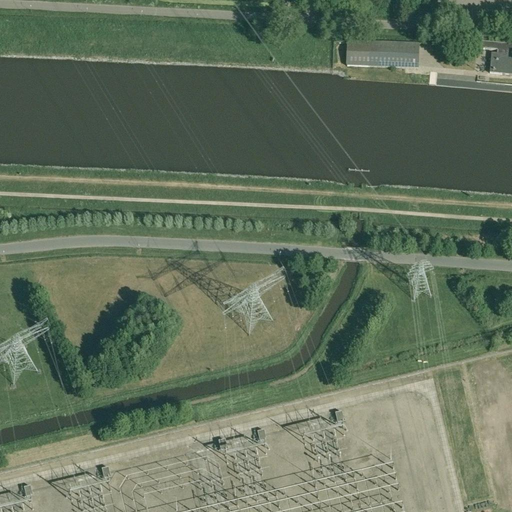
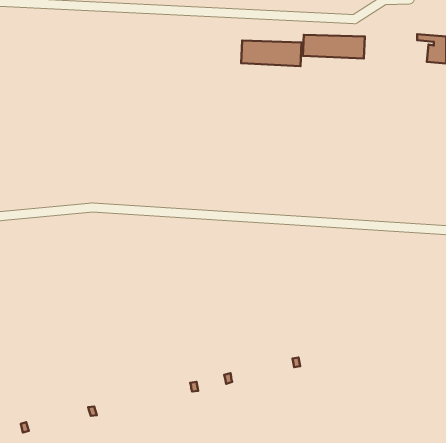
building: none -> [241,40,301,66]

